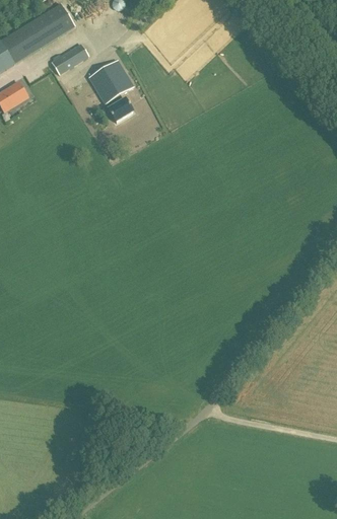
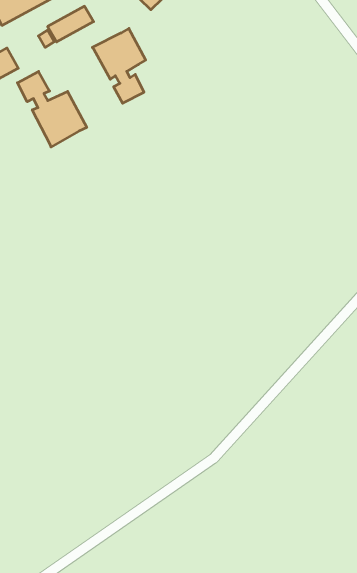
building: none -> [17,71,87,147]

